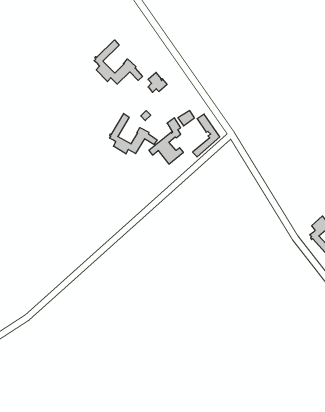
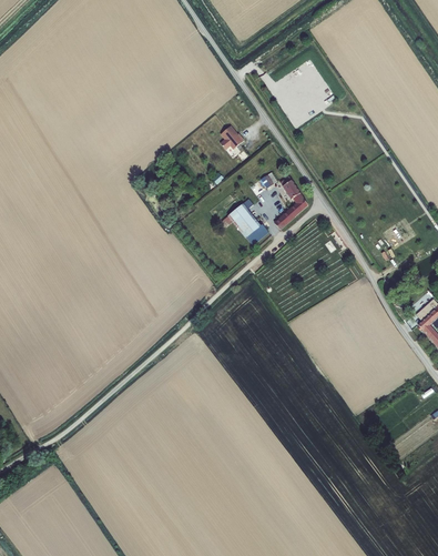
building: [94,40,142,84] -> none
building: [110,113,157,154] -> none

